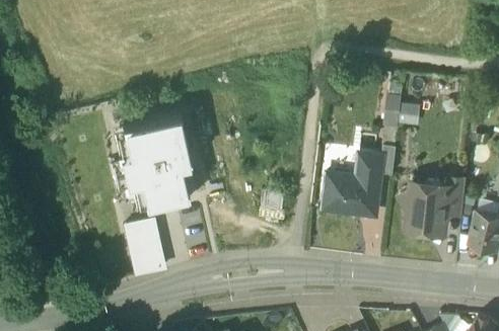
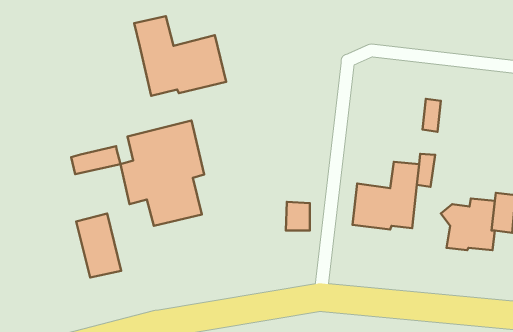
building: none -> [134,16,226,96]
building: none -> [71,146,120,174]
building: [125,219,164,275] -> [76,213,121,278]

